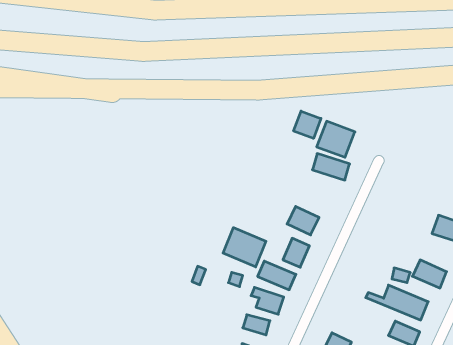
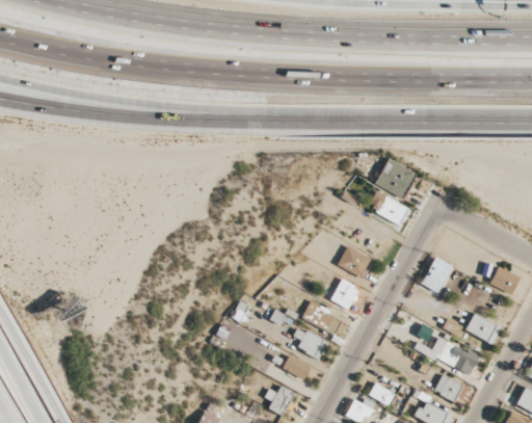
building: [294,111,321,138] -> none
building: none -> [420,257,453,294]
building: [223,228,266,267] -> none

